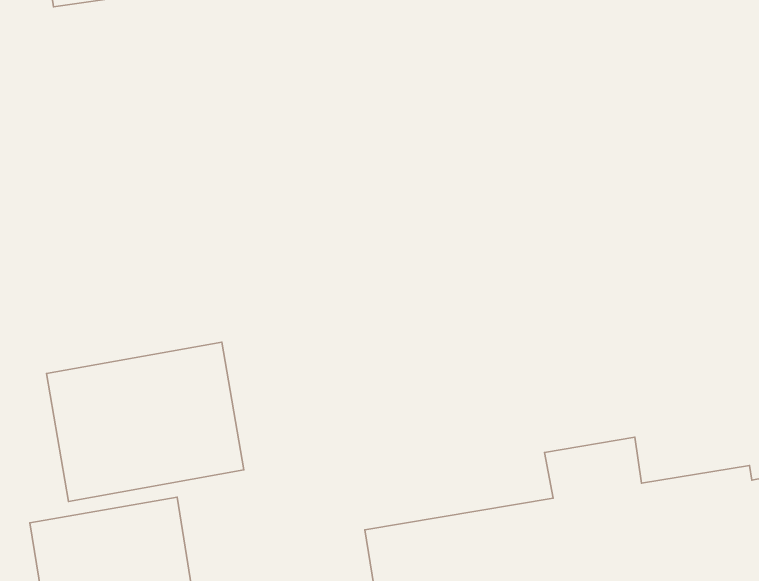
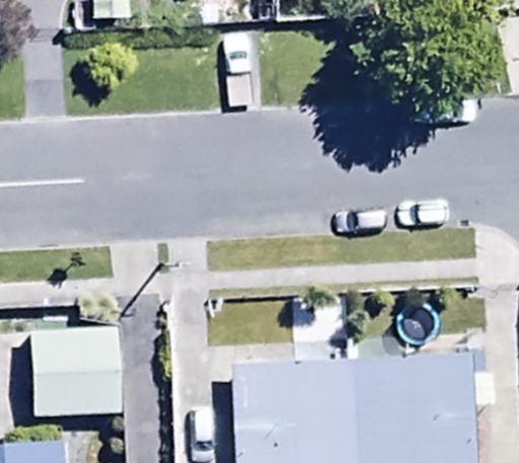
building: [47,342,244,501] -> none

